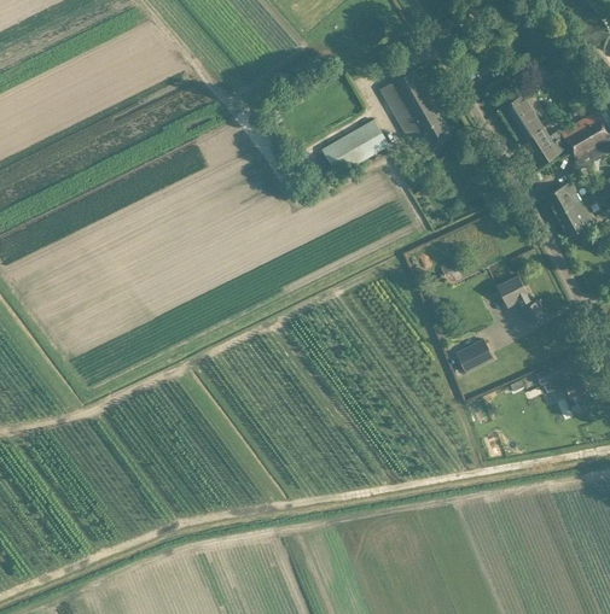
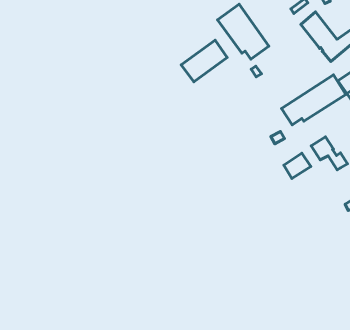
building: none -> [282,75,346,125]
building: [455,338,494,373] -> [284,153,311,179]

